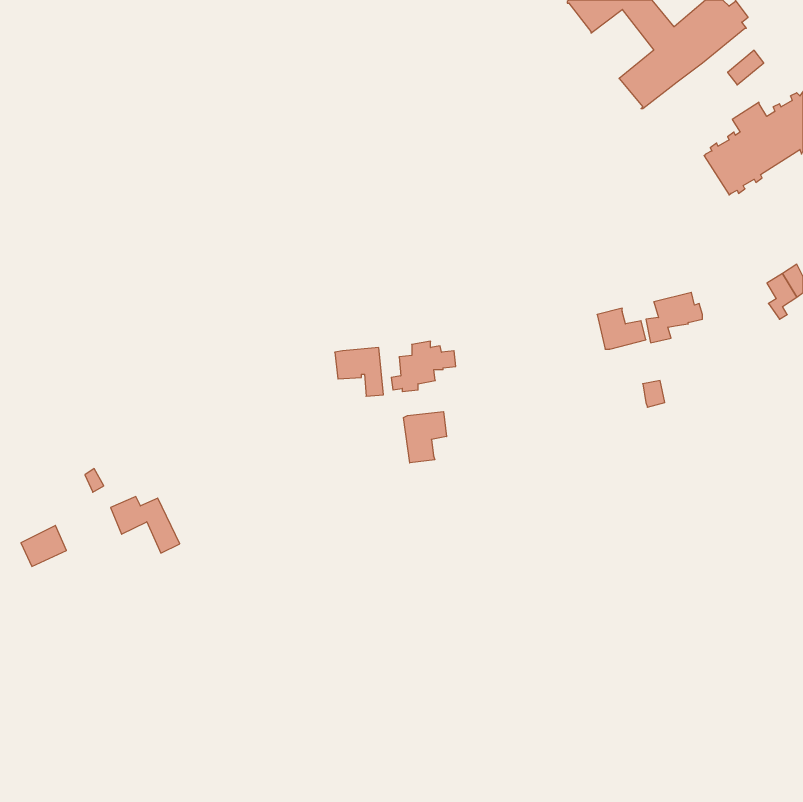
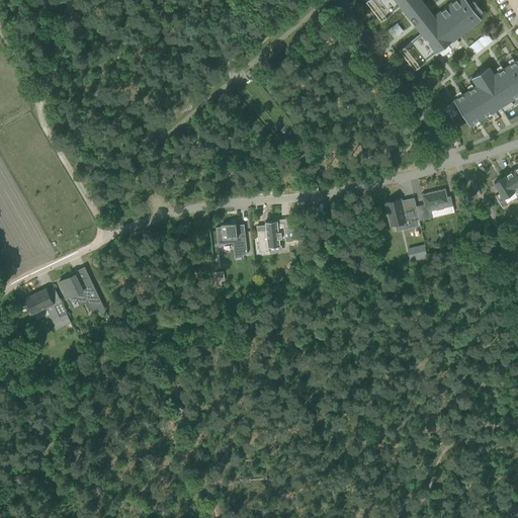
building: [403,412,447,463] -> none
building: [111,497,180,553] -> [59,275,103,312]
building: [21,525,66,566] -> [24,288,54,315]

